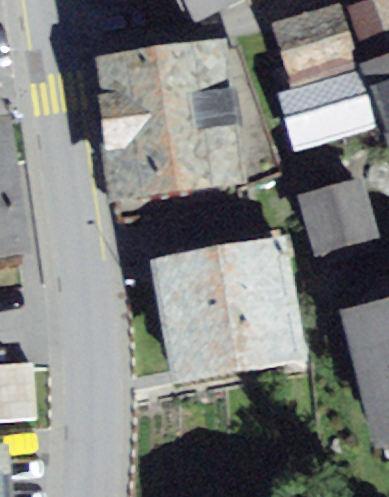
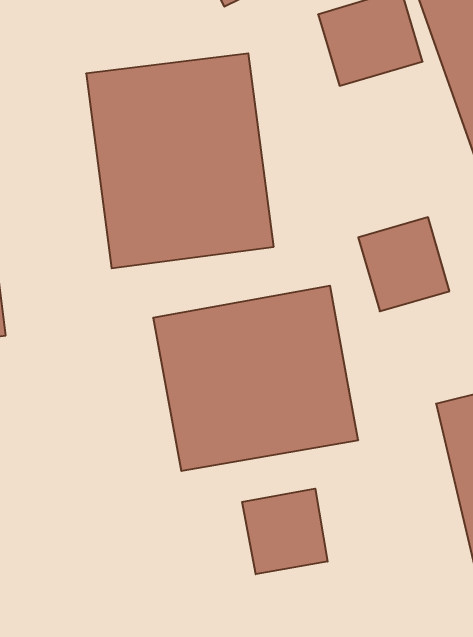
building: [275,68,367,142] -> none
building: none -> [242,489,328,574]

